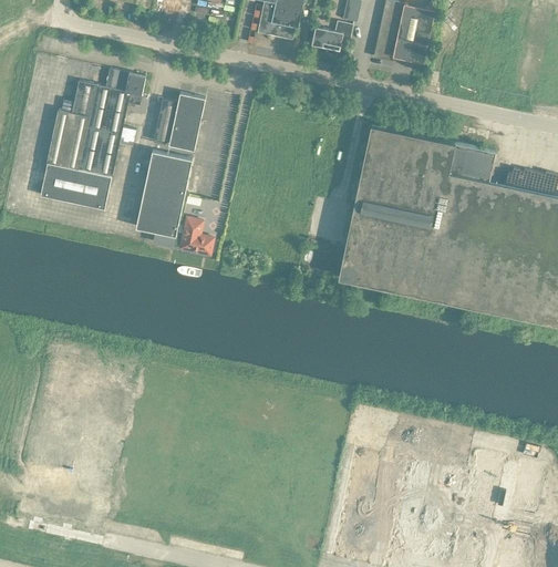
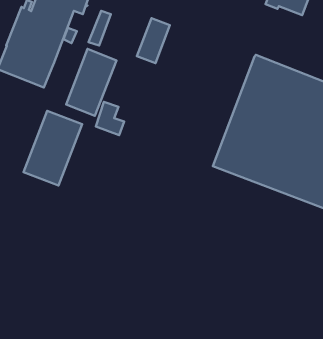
building: [168,94,205,152] -> [137,18,170,63]
building: none -> [24,111,82,186]

